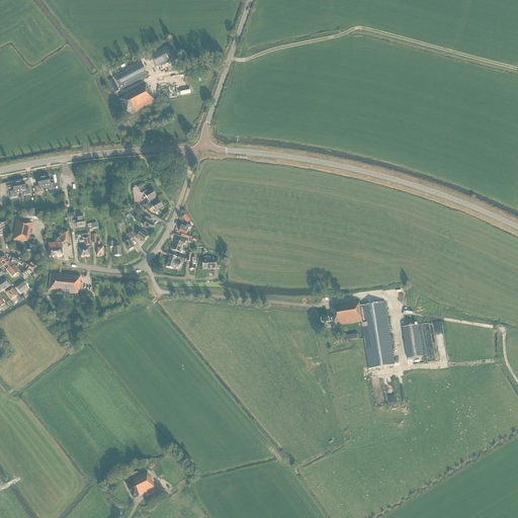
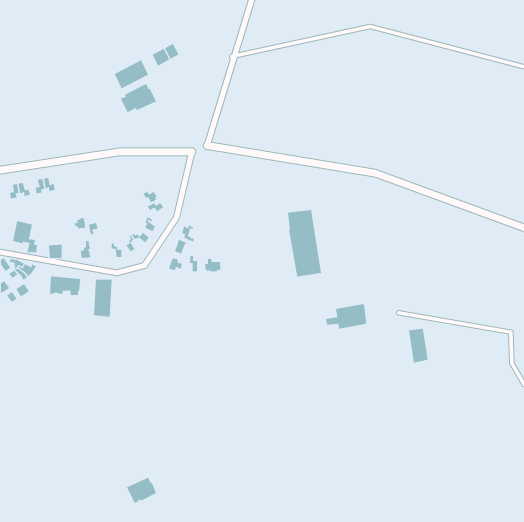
building: none -> [93,279,112,318]
building: [360,300,395,367] -> [287,210,322,277]

